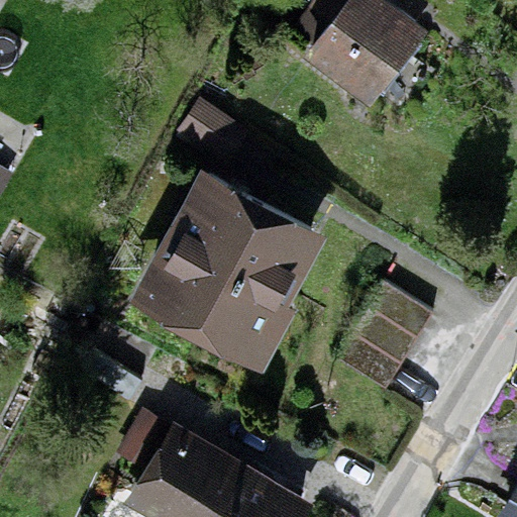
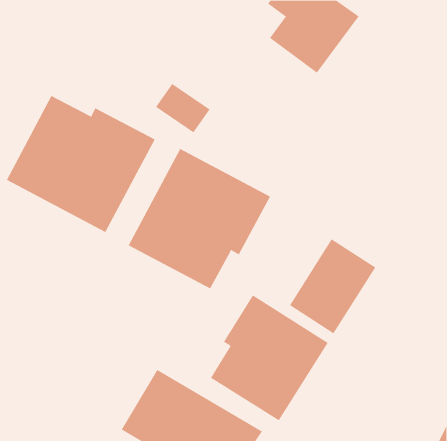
building: none -> [6,95,155,233]
building: none -> [210,294,329,421]

